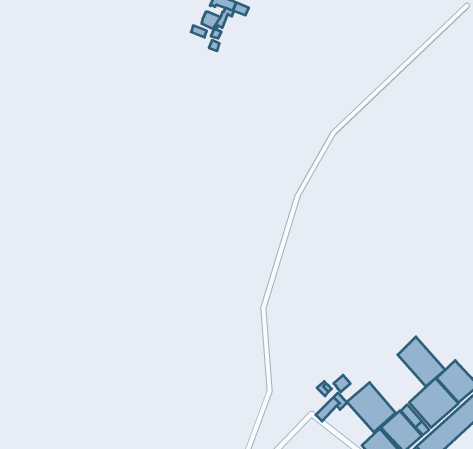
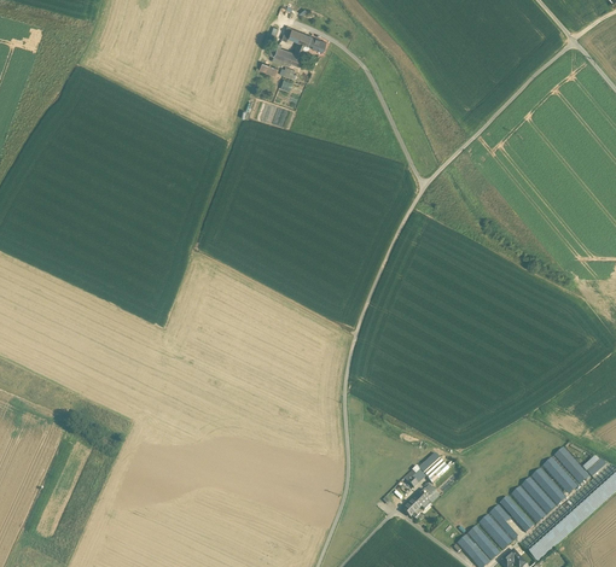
building: [398,337,445,386] -> none
building: [347,382,396,432] -> none

